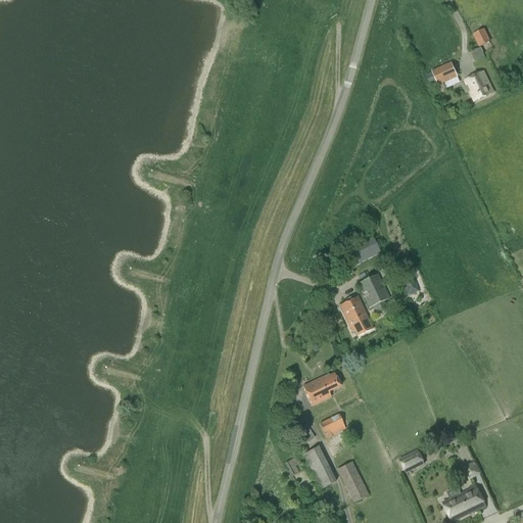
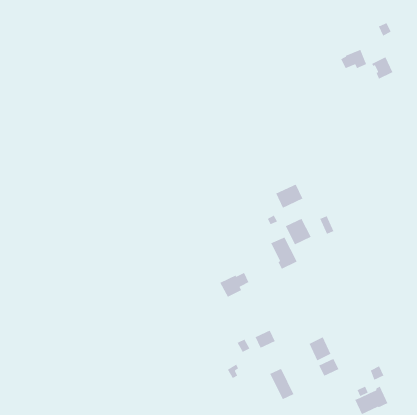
building: [302,372,340,405] -> [219,272,249,298]
building: none -> [308,336,332,361]
building: [302,445,336,488] -> none

